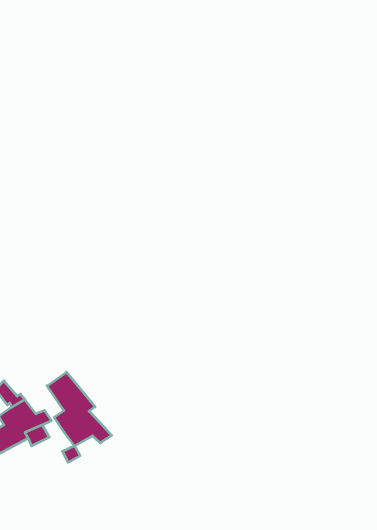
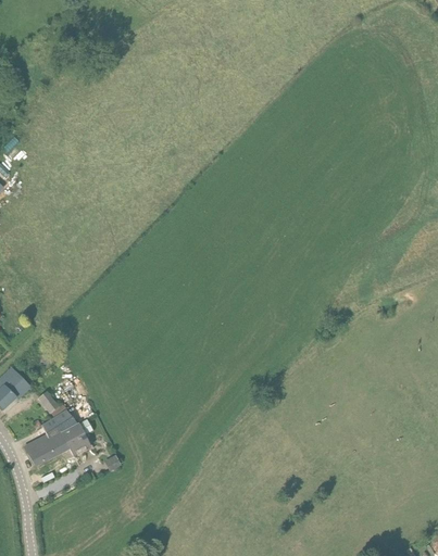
building: [47,372,112,446] -> none

